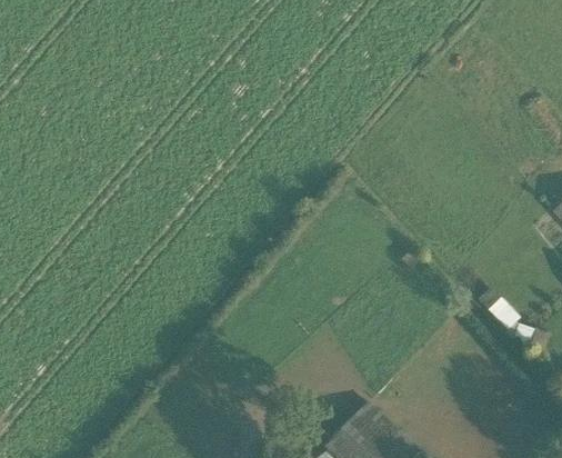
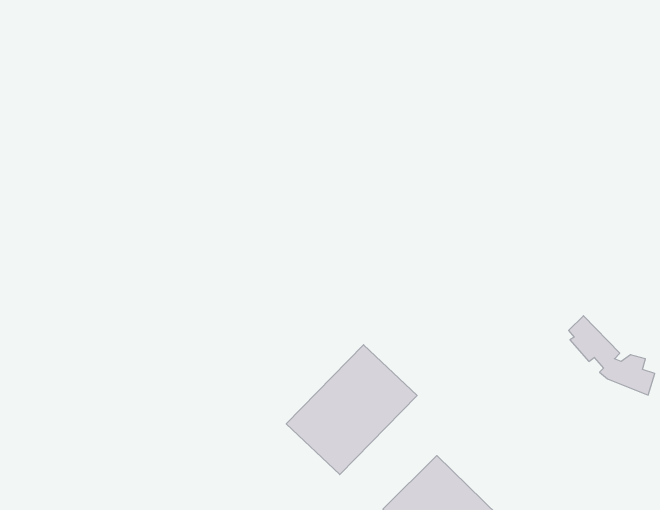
building: none -> [286,345,417,475]

